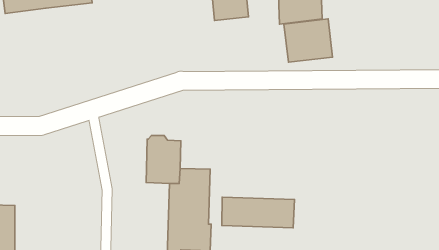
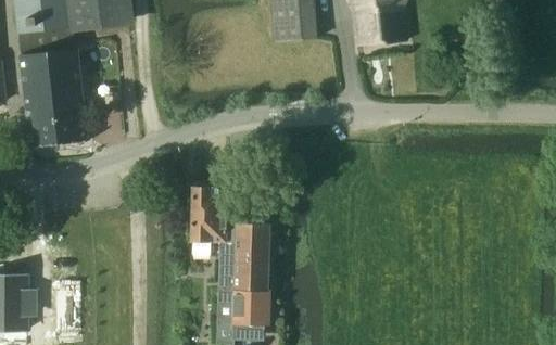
building: none -> [20,26,88,146]
building: [284,19,332,62] -> none
building: [222,197,295,228] -> none

